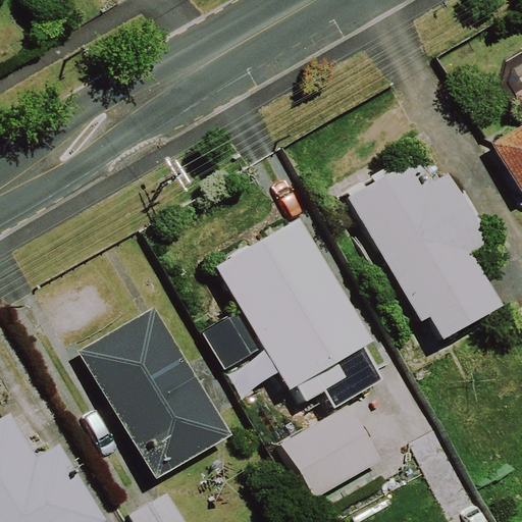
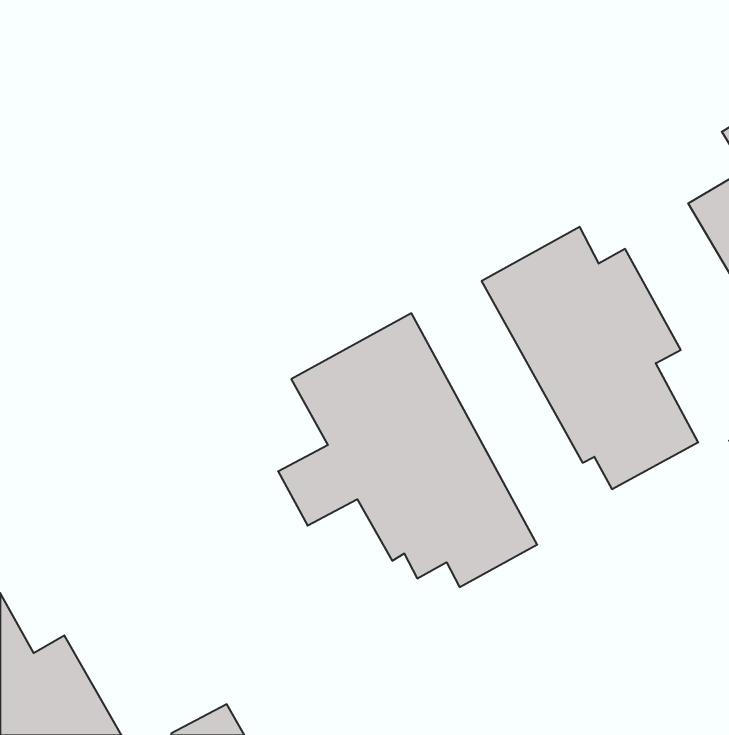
building: [81,305,231,478] -> none
building: [284,406,382,497] -> none

